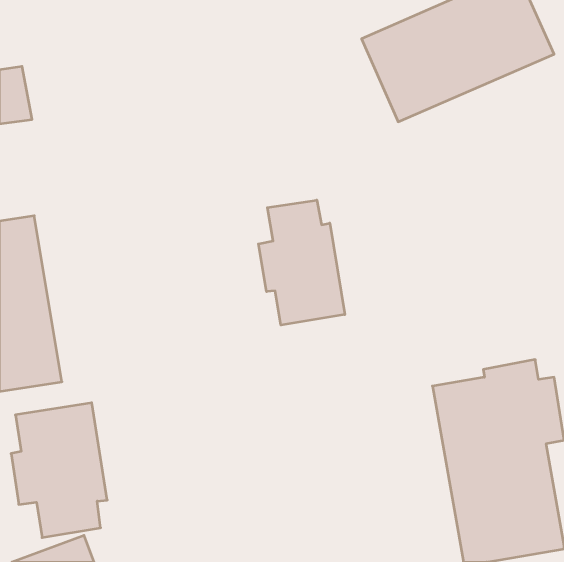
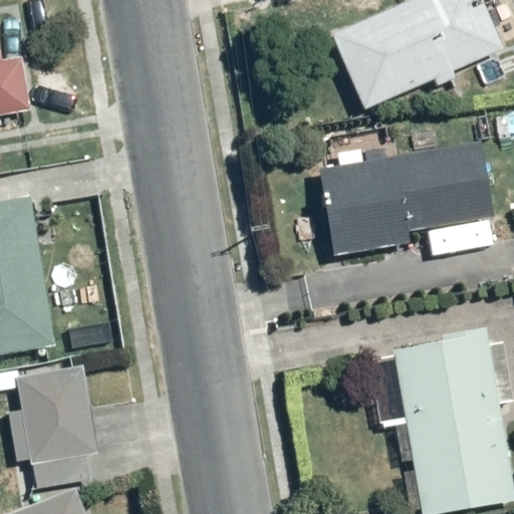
building: none -> [316,142,493,256]
building: [258,200,345,325] -> none

